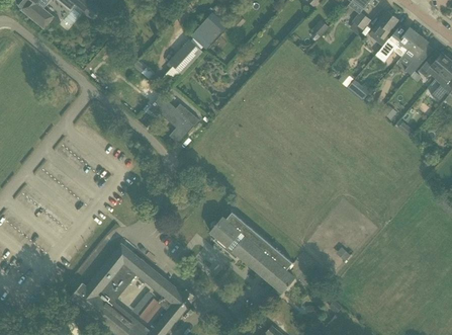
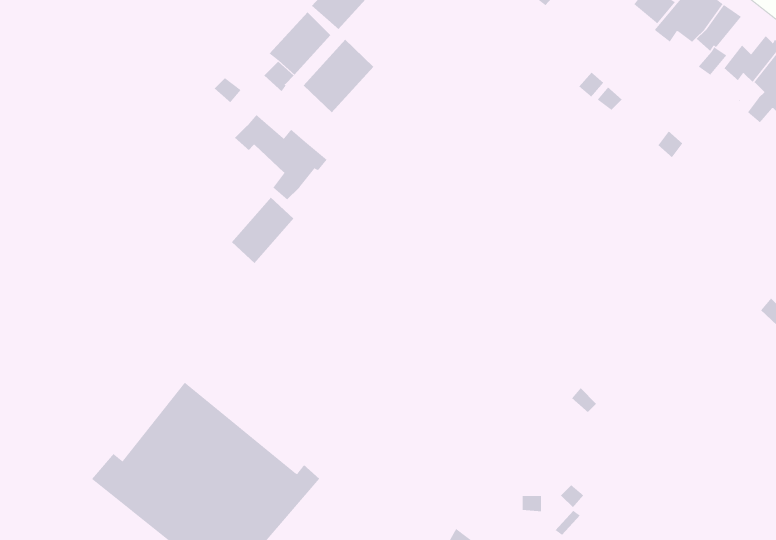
building: none -> [303,39,374,113]
building: none -> [231,197,294,264]
building: [211,212,295,292] -> none

